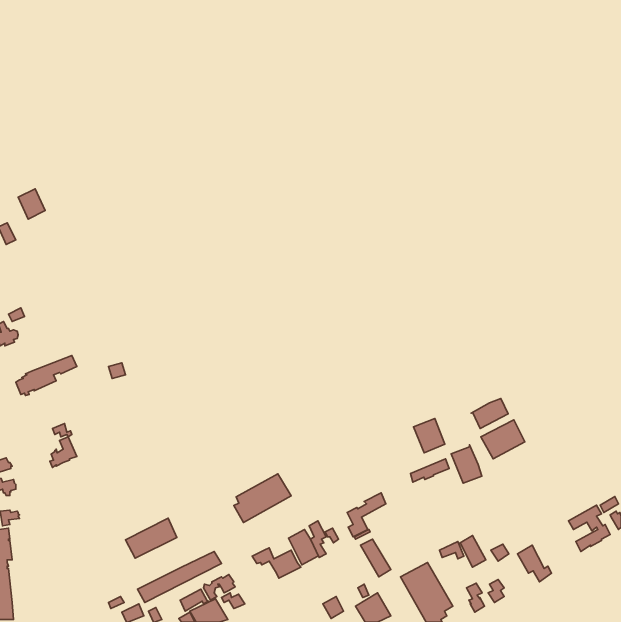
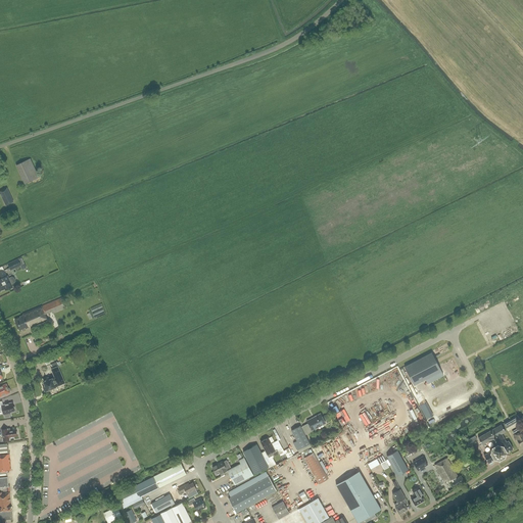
building: [471,398,508,428] -> none
building: [414,419,445,453] -> none
building: [451,445,482,483] -> none
building: [234,474,291,523] -> [228,472,276,513]
building: [125,518,177,558] -> none

